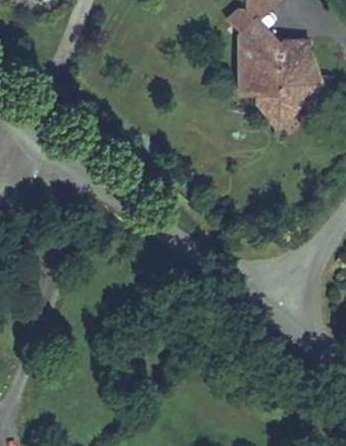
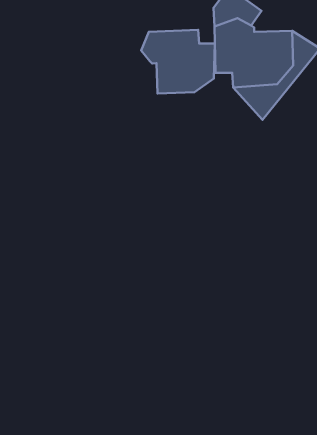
building: none -> [141,30,215,93]

